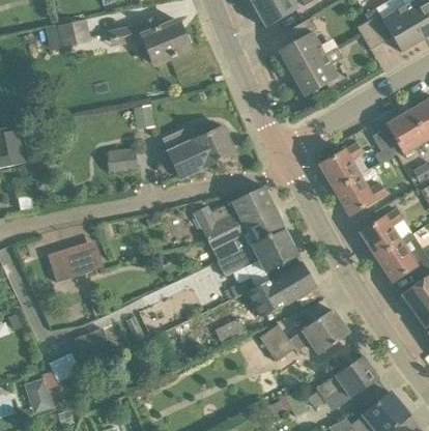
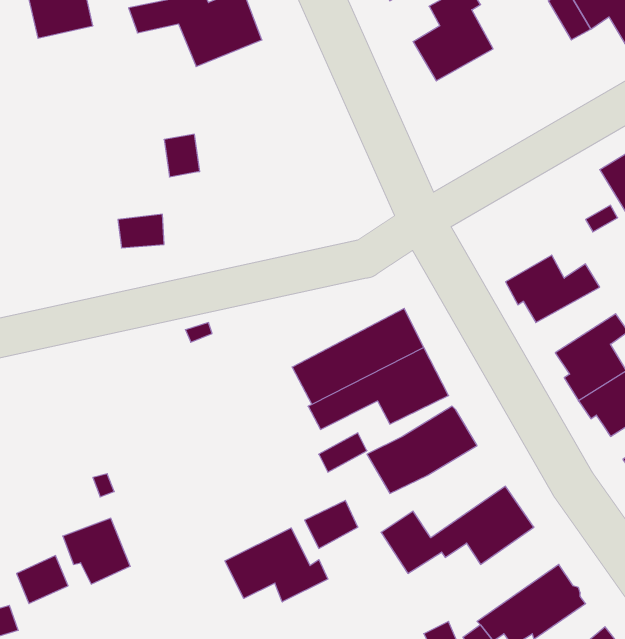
building: [291,47,342,95] -> none
building: [162,122,235,177] -> none
building: [320,142,363,190] -> none
building: [194,185,273,239] -> none
building: [47,243,87,282] -> none
building: none -> [225,528,328,602]

